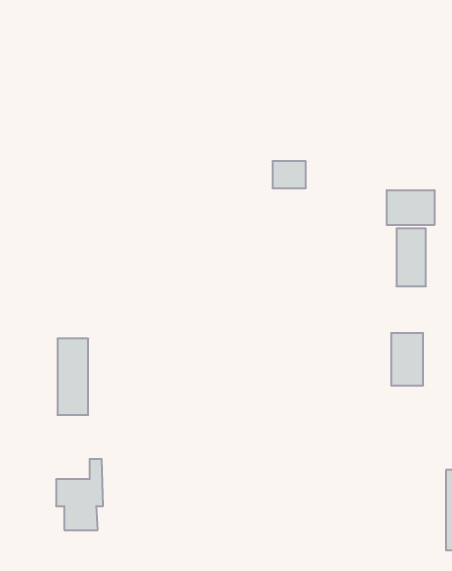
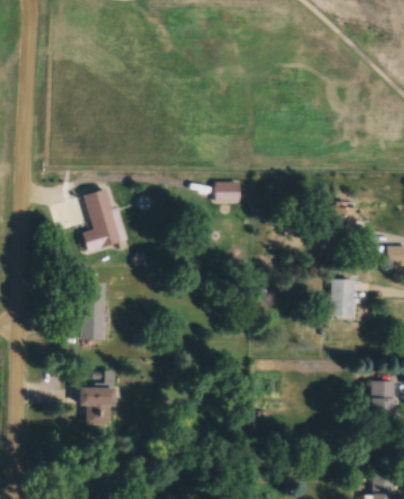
building: [272,161,306,188] -> [214,182,239,202]
building: [387,190,434,225] -> none
building: none -> [82,188,124,251]

